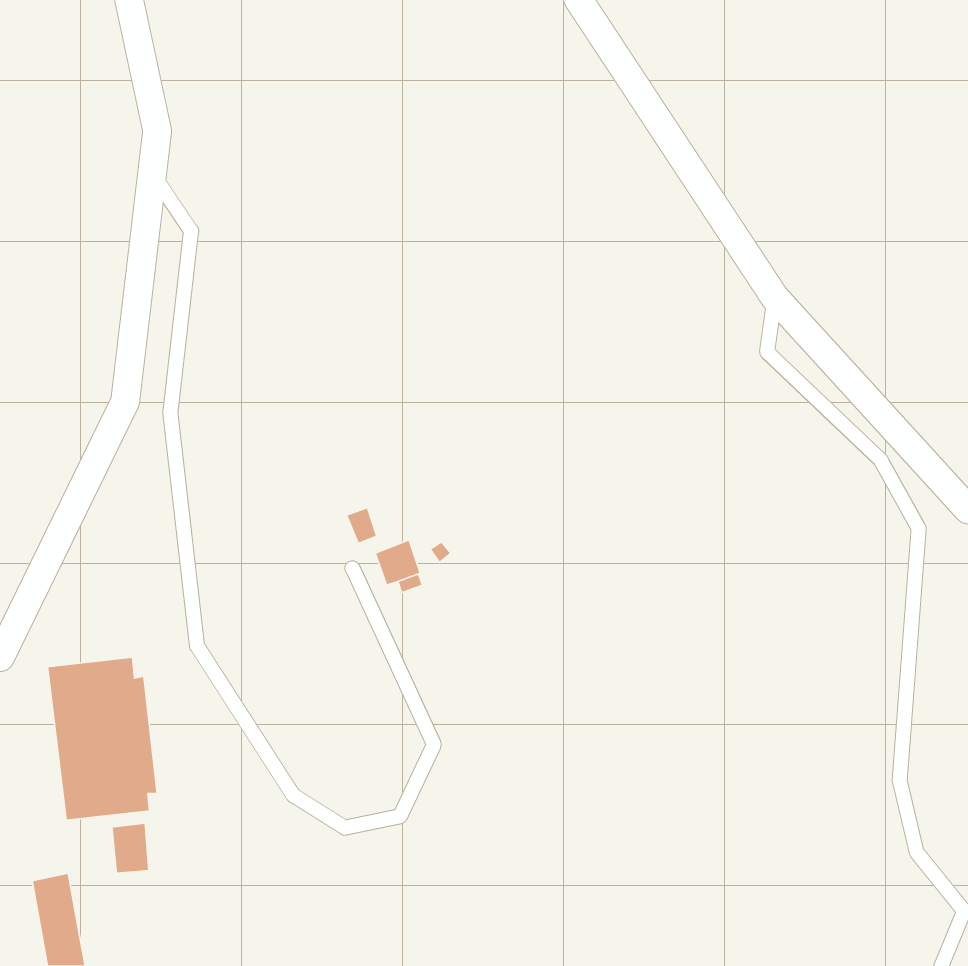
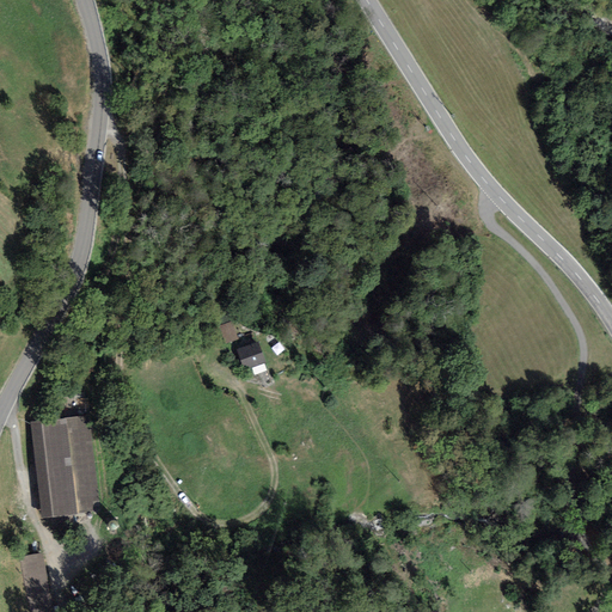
building: [111,823,149,873] -> none

